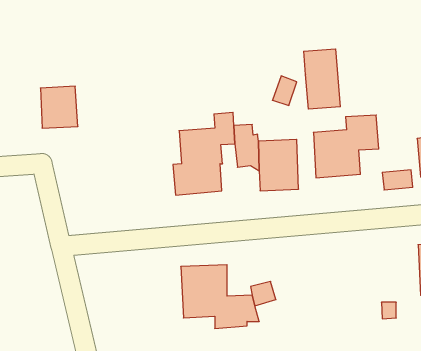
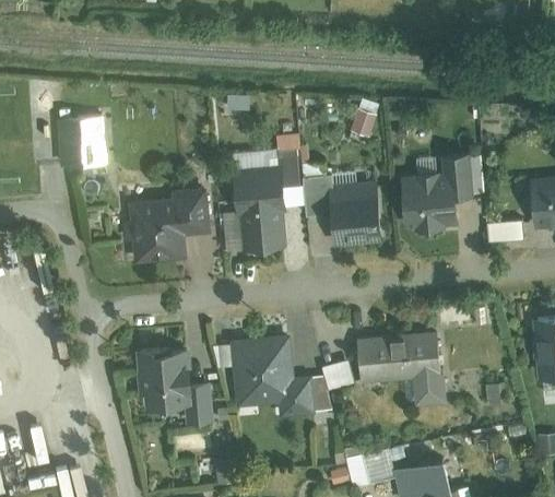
building: [304,49,340,109] -> none
building: none -> [121,188,210,264]
building: none -> [358,332,446,404]
building: none -> [135,352,211,427]

